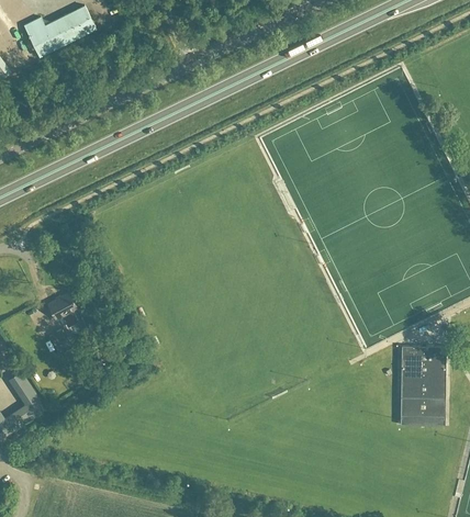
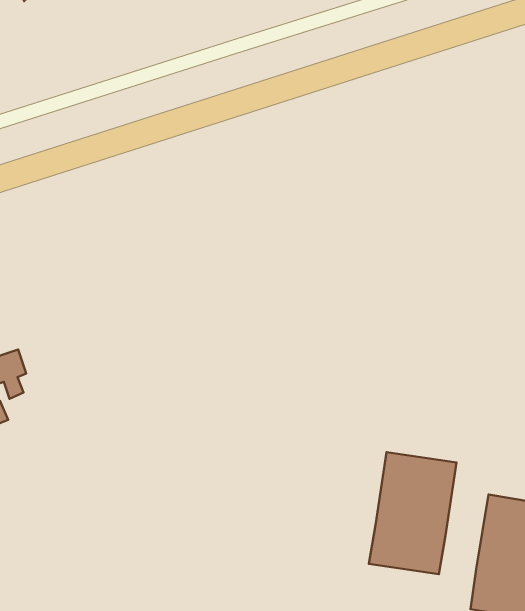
building: none -> [369,452,456,574]

